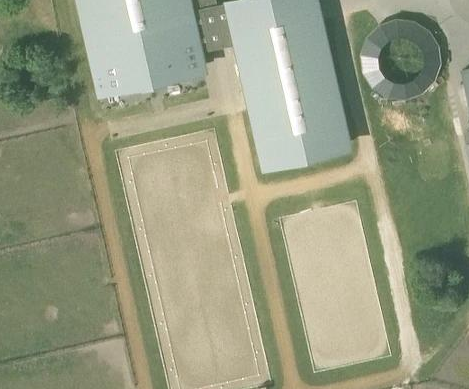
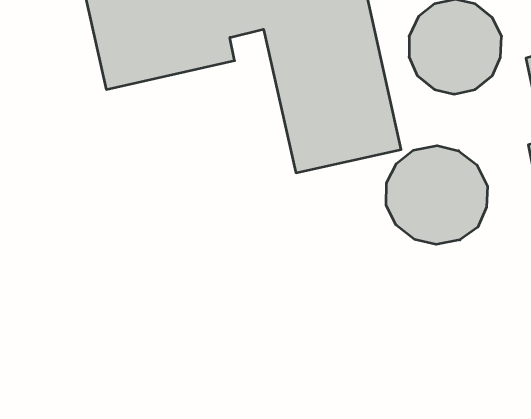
building: none -> [386,146,487,244]

